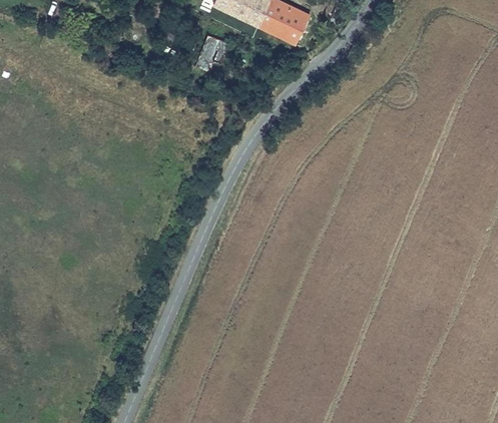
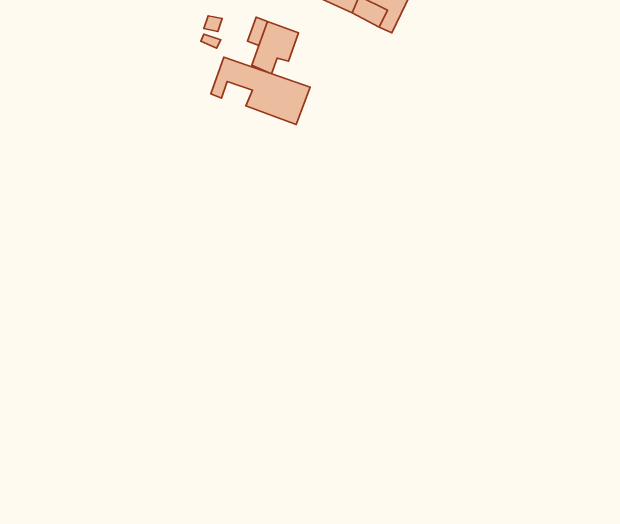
building: none -> [211,57,310,125]

